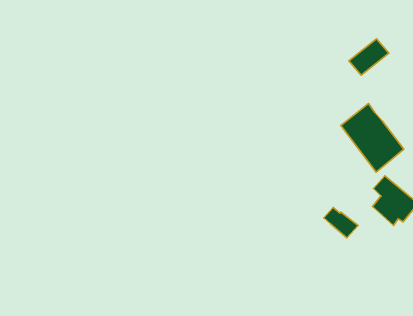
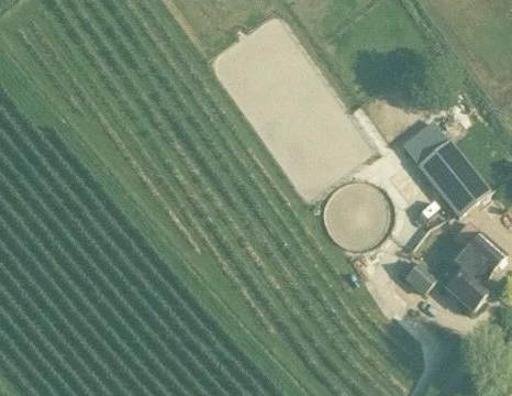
building: [349,39,389,75] -> [402,122,448,164]
building: none -> [444,267,490,311]

